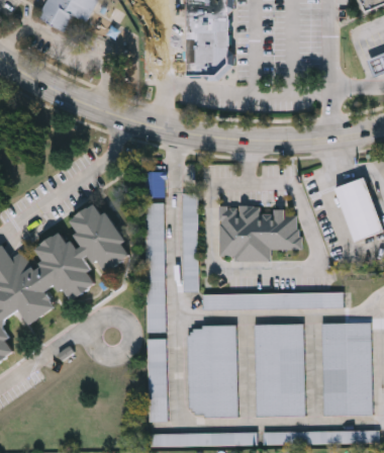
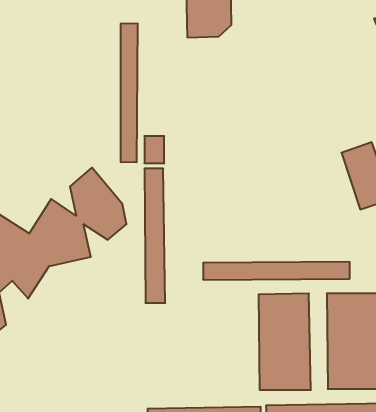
building: none -> [121,23,137,162]
building: [182,193,198,292] -> none
building: [218,206,299,261] -> none
building: [188,326,237,417] -> none
building: [148,338,166,421] -> none

